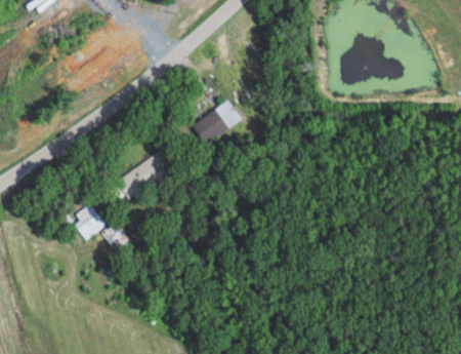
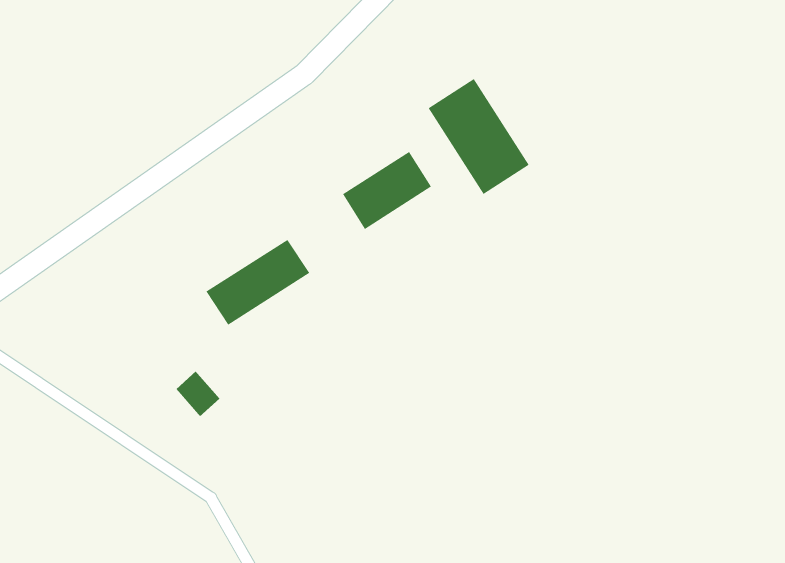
building: none -> [428,78,529,195]
building: [76,205,107,240] -> none

